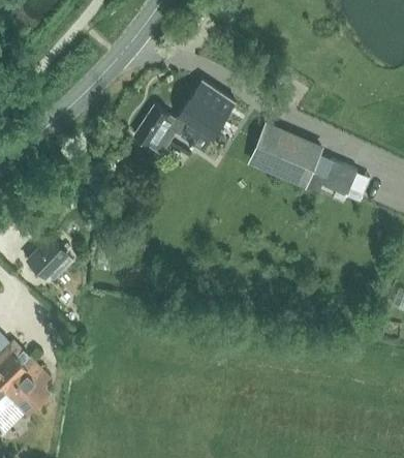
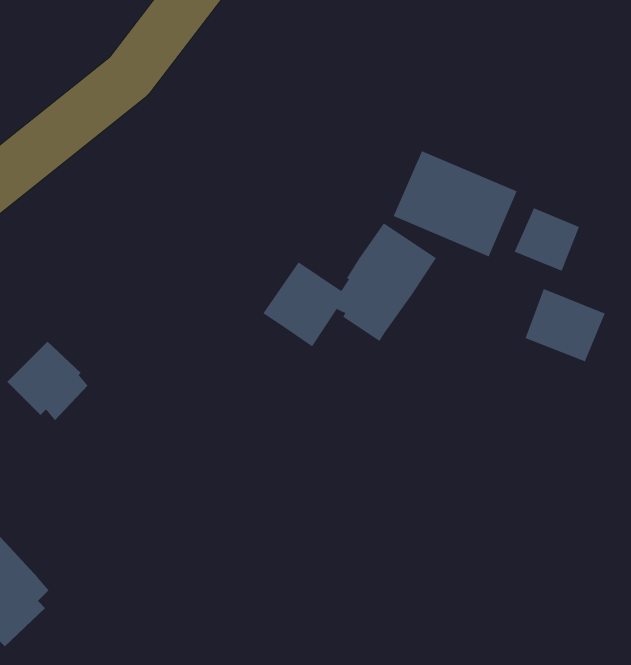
building: [132,83,234,155] -> [263,222,437,347]
building: none -> [525,288,605,362]

